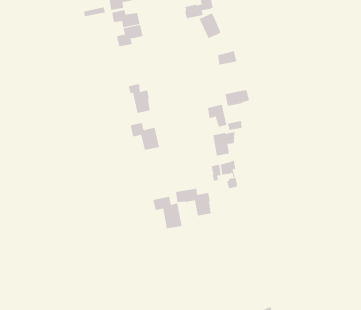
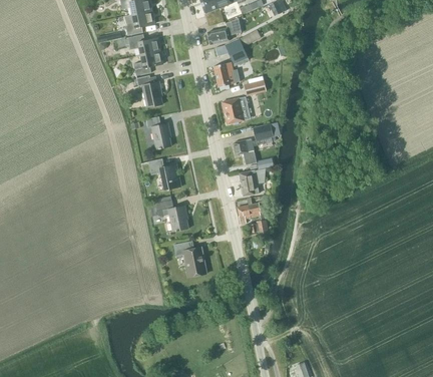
building: none -> [213,61,236,86]
building: none -> [136,75,162,107]
building: none -> [222,97,244,124]
building: [175,188,212,217] -> [148,200,188,232]

